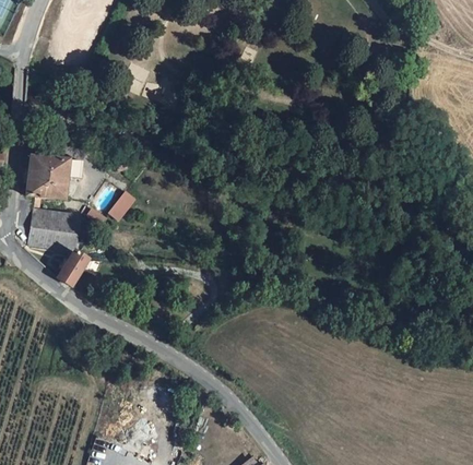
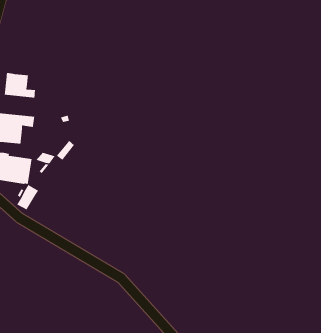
building: none -> [4,72,36,98]

